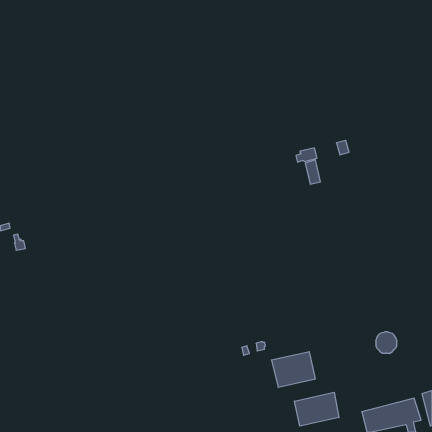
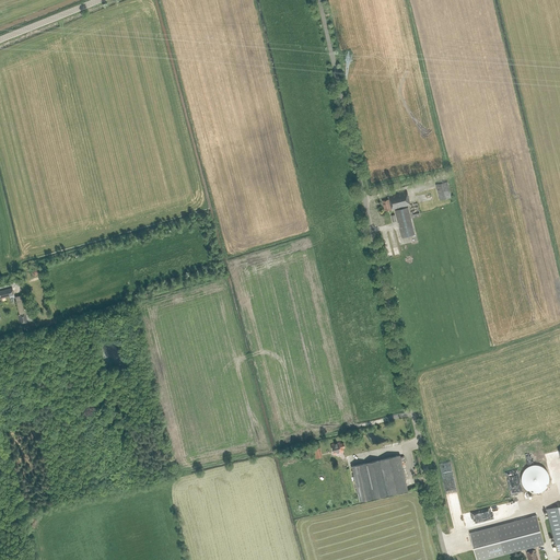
building: [376,332,397,353] -> [522,465,549,492]
building: [294,392,339,426] -> none

